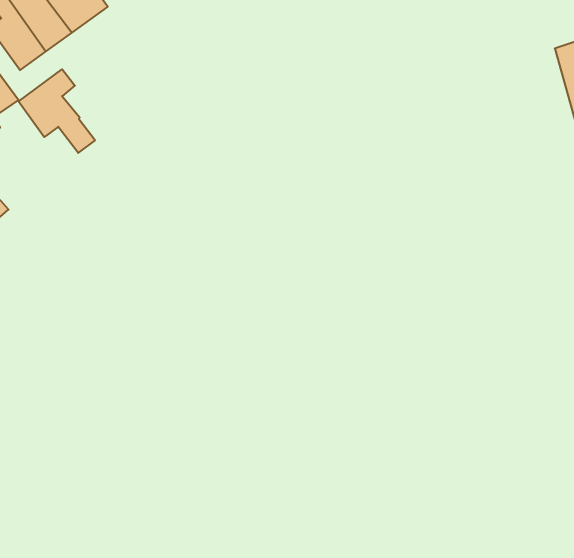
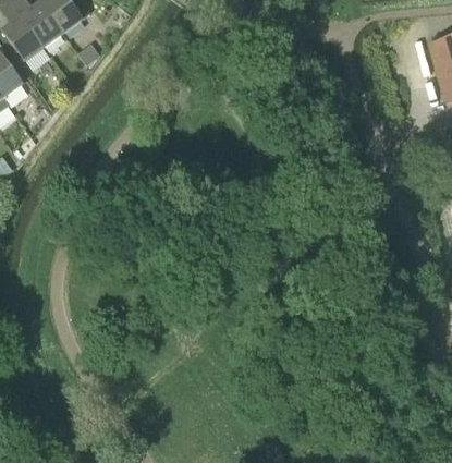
building: [19,69,95,153] -> none

